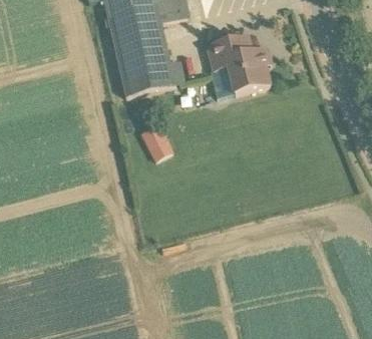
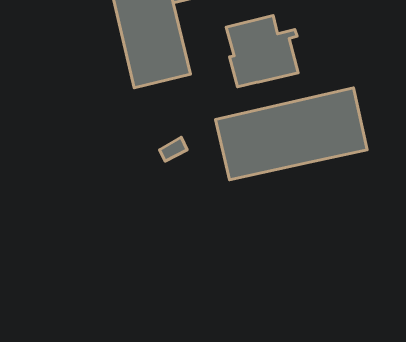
building: none -> [215,88,367,180]

